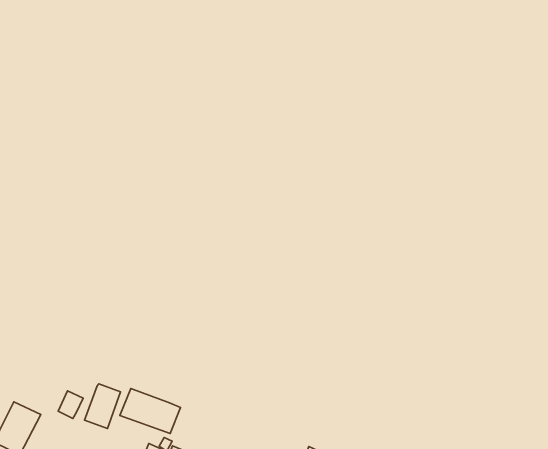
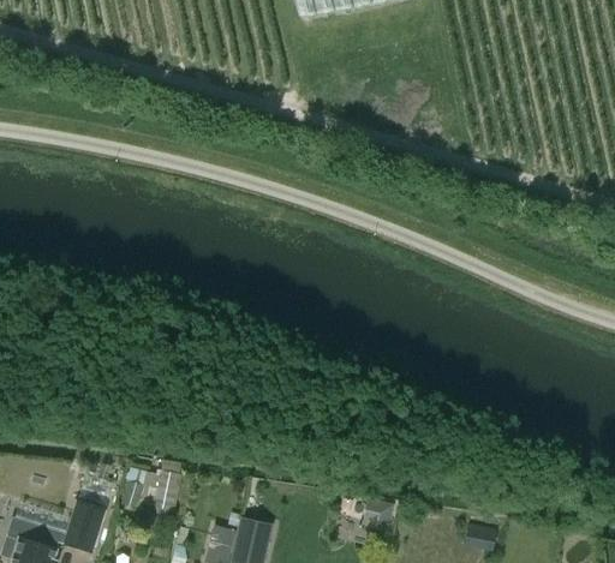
building: [120,389,180,434] -> none

